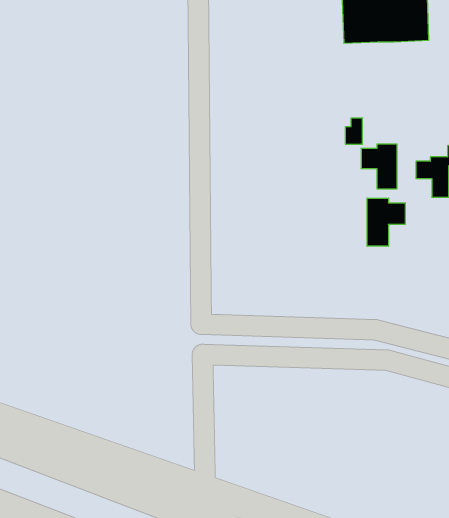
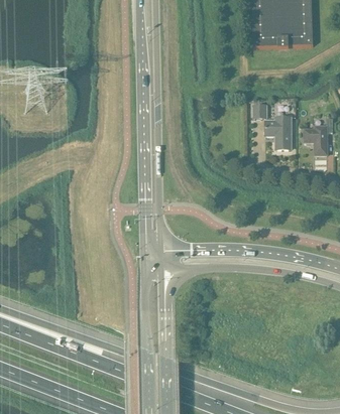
building: [367,198,405,246] -> none

